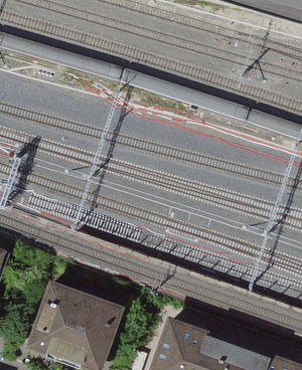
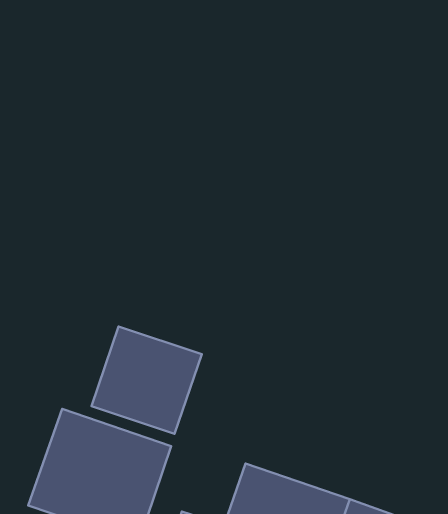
building: none -> [91,326,202,434]

